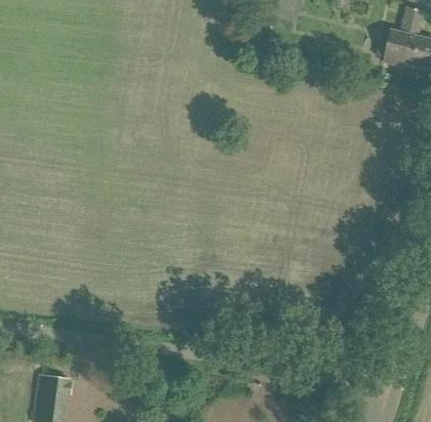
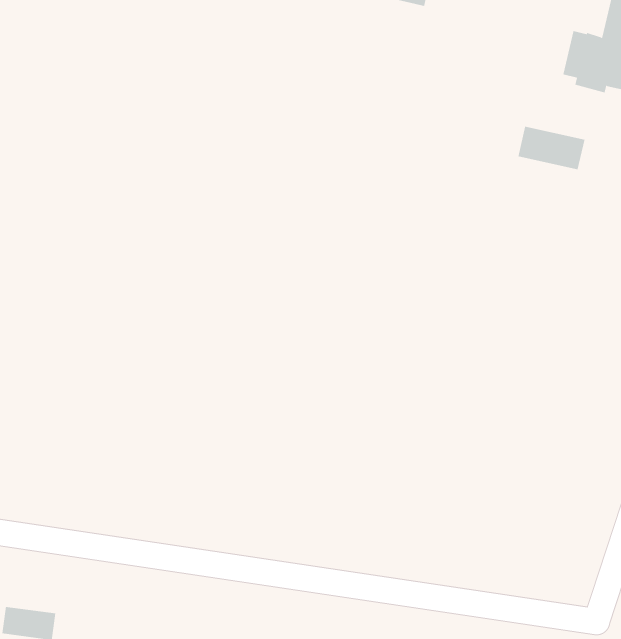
building: none -> [518,126,585,170]

